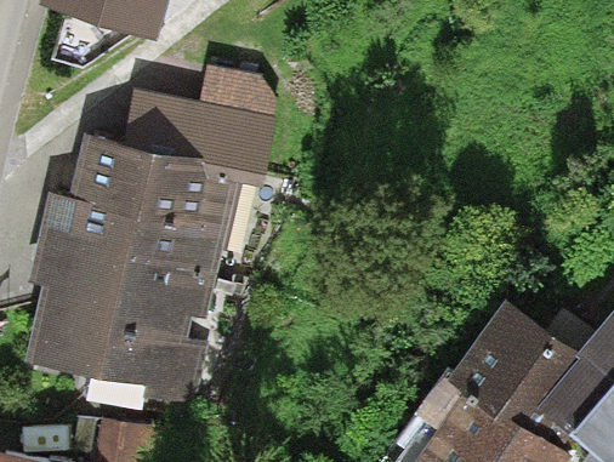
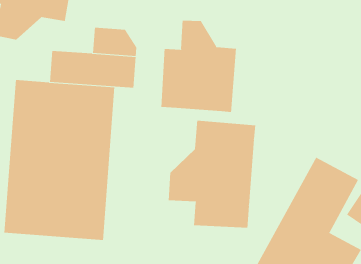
building: none -> [161,20,236,113]
building: none -> [168,120,256,229]

